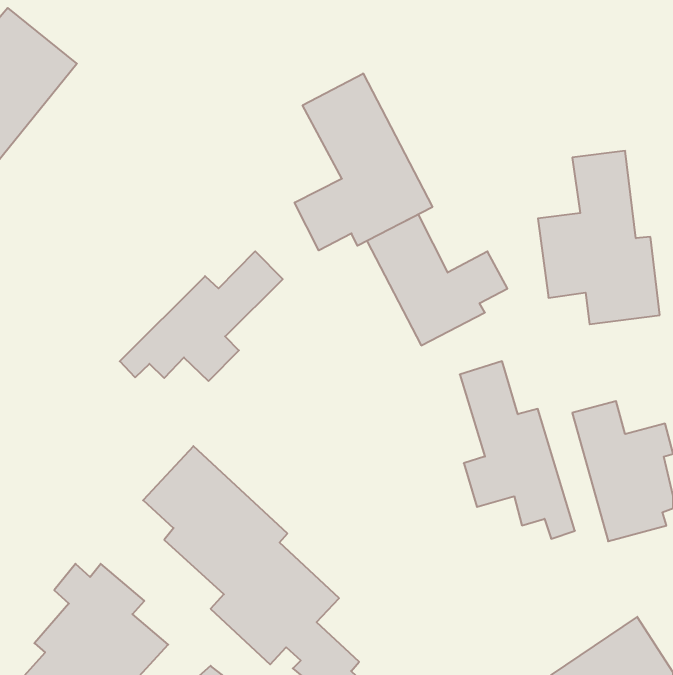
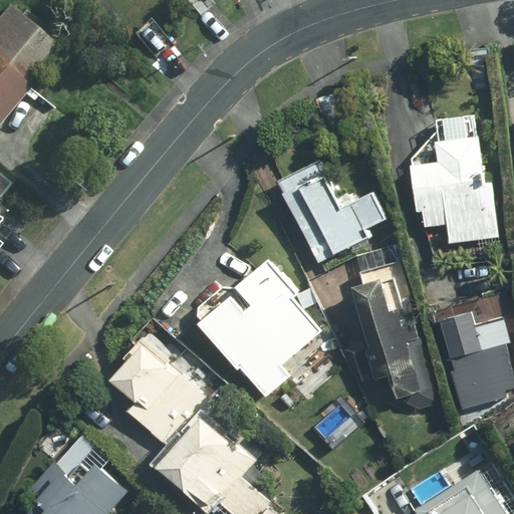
building: [295,73,432,250] -> none
building: [120,251,283,381] -> none
building: none -> [196,260,321,393]

